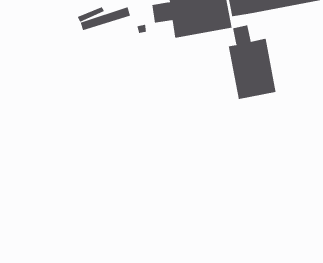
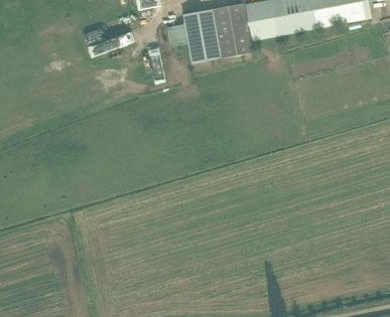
building: [228,25,276,100] -> none

